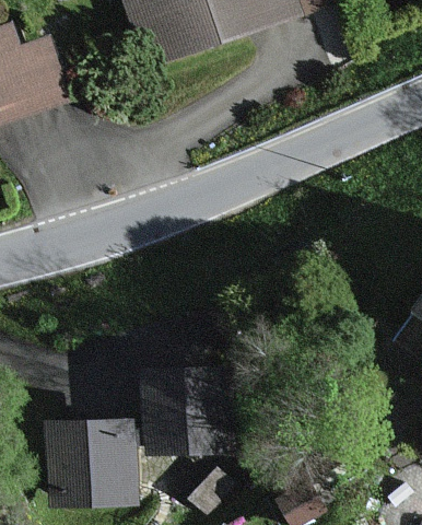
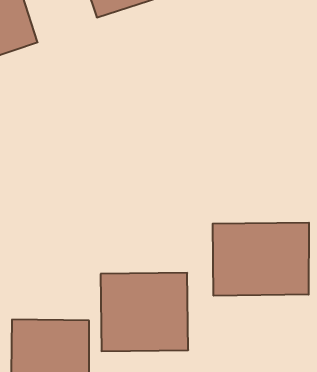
building: none -> [213,223,309,296]

